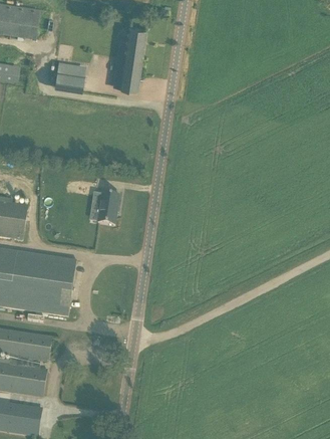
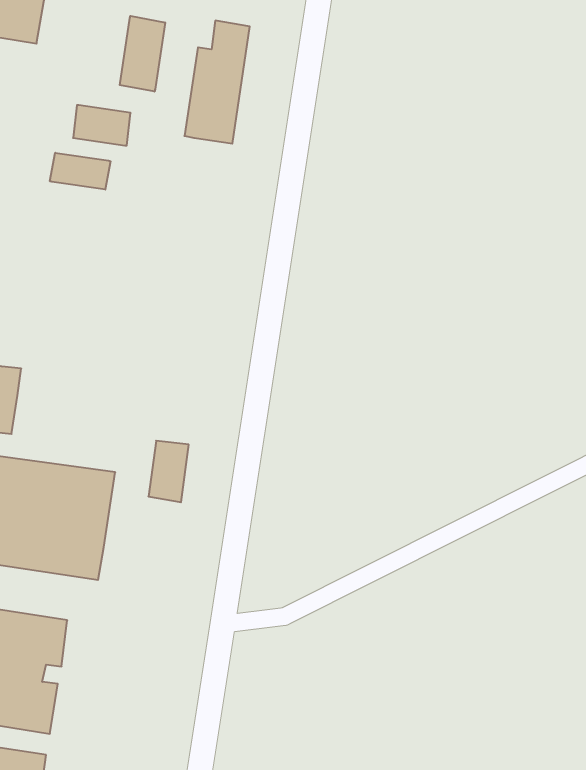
building: none -> [120,16,165,92]
building: none -> [50,153,111,190]
building: [97,194,118,226] -> [148,441,189,502]

